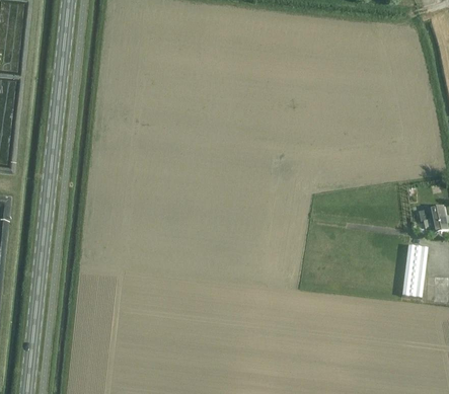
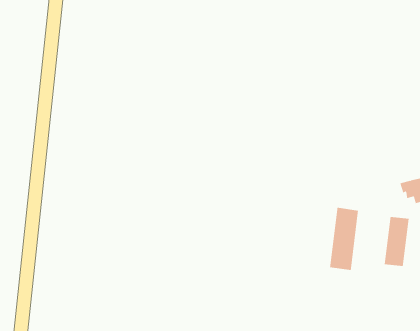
building: none -> [330,207,358,271]

